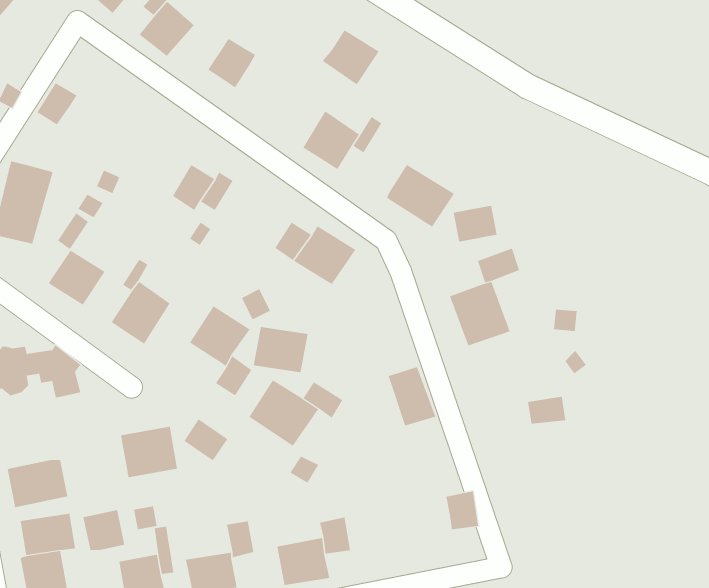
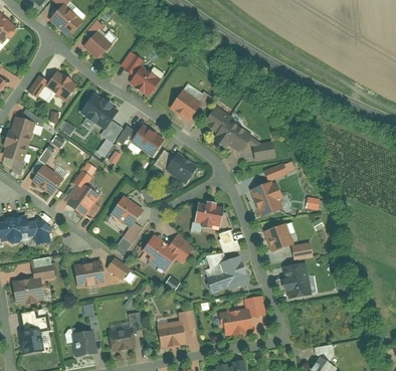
building: [322,29,379,85] -> [129,66,160,97]
building: none -> [44,69,77,102]
building: none -> [79,92,117,129]
building: none -> [203,105,230,133]
building: none -> [130,124,165,157]
building: [253,327,309,373] -> [194,202,224,227]
building: none -> [262,223,293,253]
building: none -> [205,256,248,293]
building: none -> [282,263,311,299]
building: [83,510,125,550] -> [30,256,53,279]
building: none -> [221,309,252,336]

